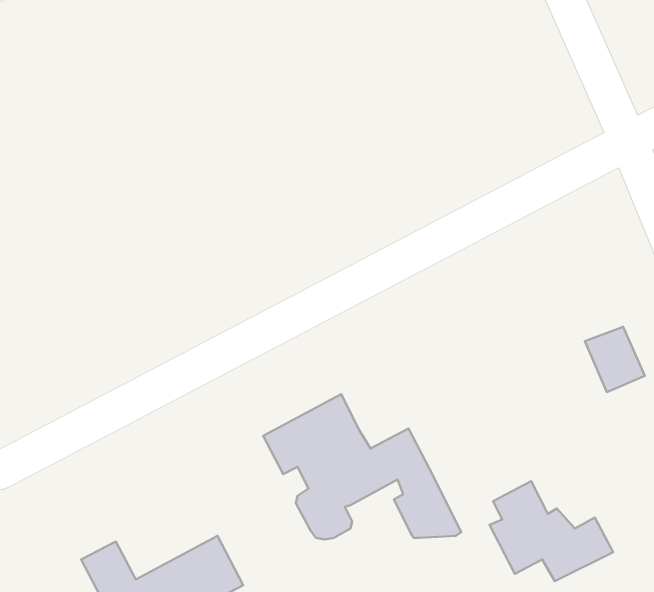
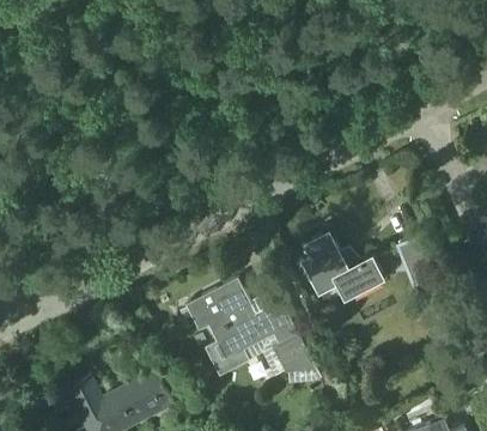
building: [489,481,613,581] -> [302,232,383,298]

